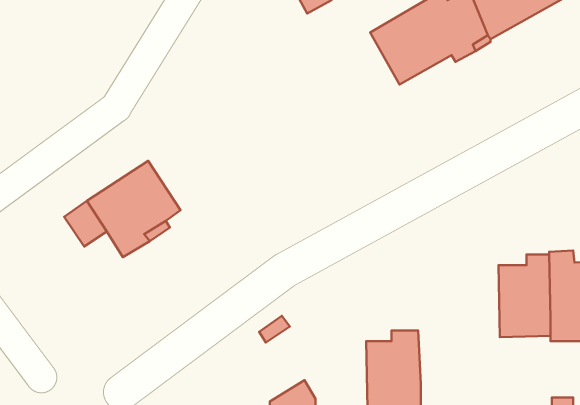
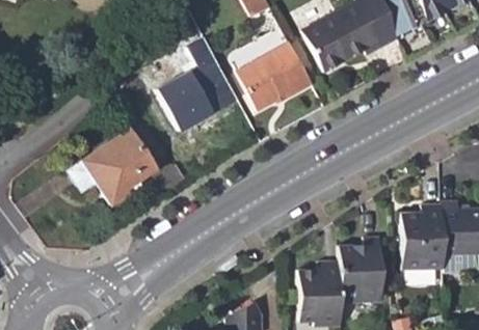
building: none -> [161,36,240,129]
building: none -> [237,40,314,110]
building: none -> [340,236,382,303]

